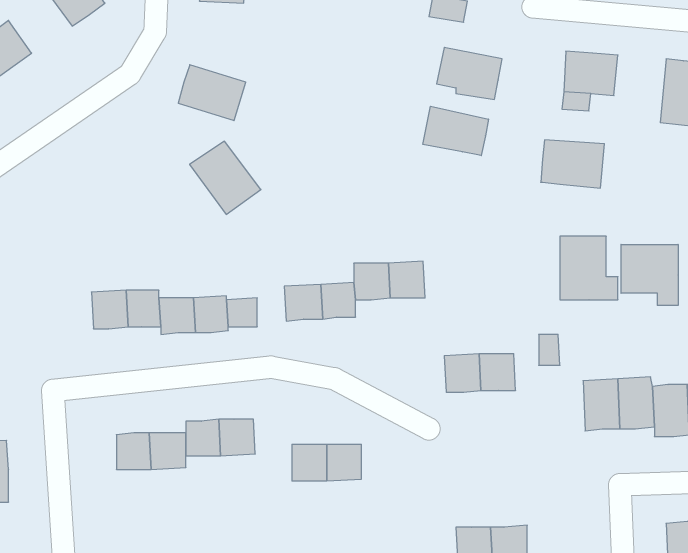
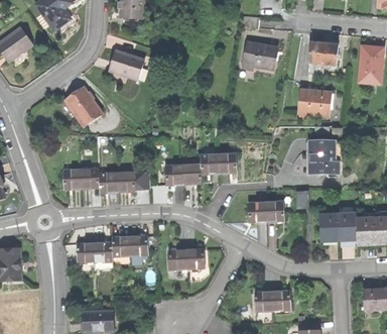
building: [423,106,488,156] -> none
building: [190,141,261,214] -> [64,87,102,125]
building: [621,244,678,305] -> none

